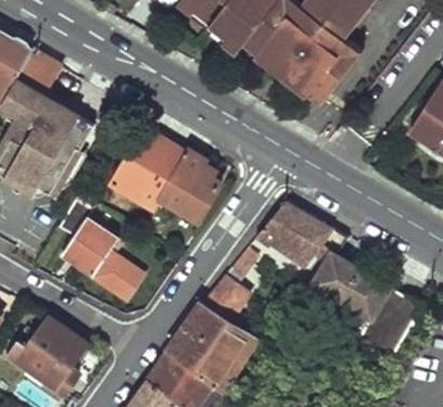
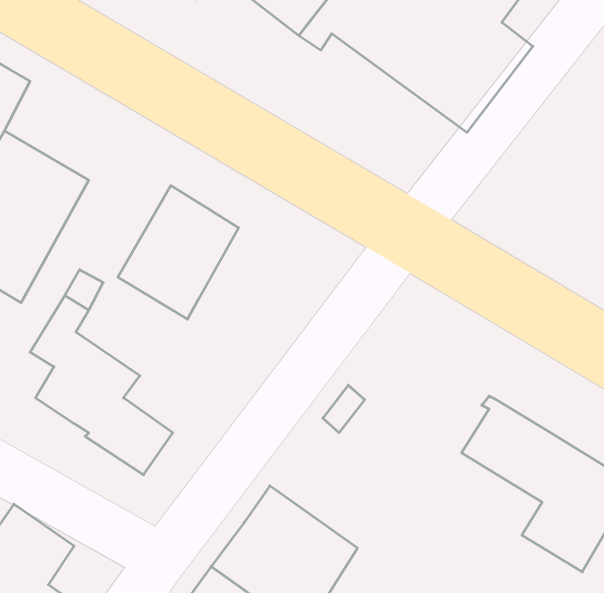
building: [161,153,222,222] -> none
building: [260,203,350,265] -> none
building: [203,279,252,328] -> none

